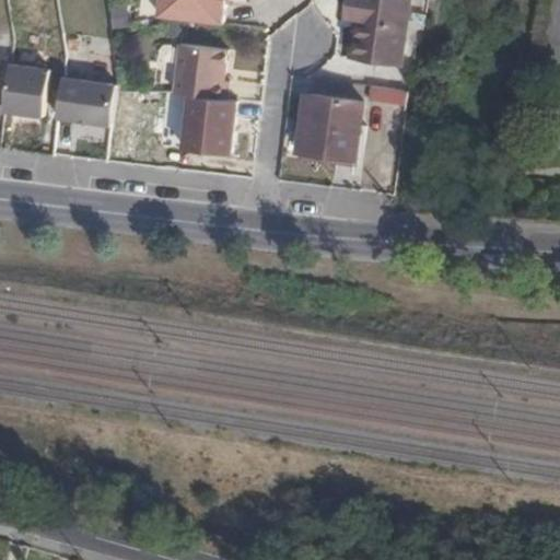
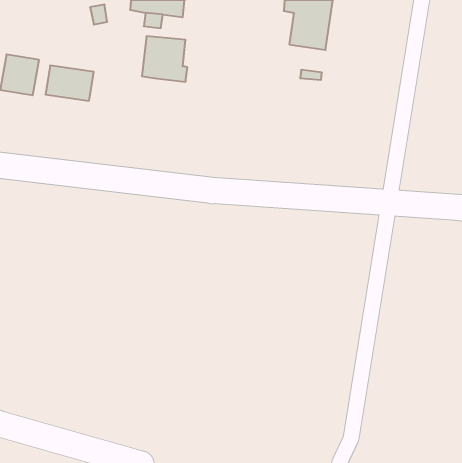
building: [301,94,362,159] -> none
building: [180,95,234,152] -> none

